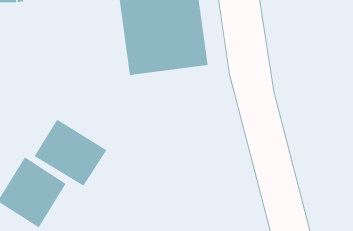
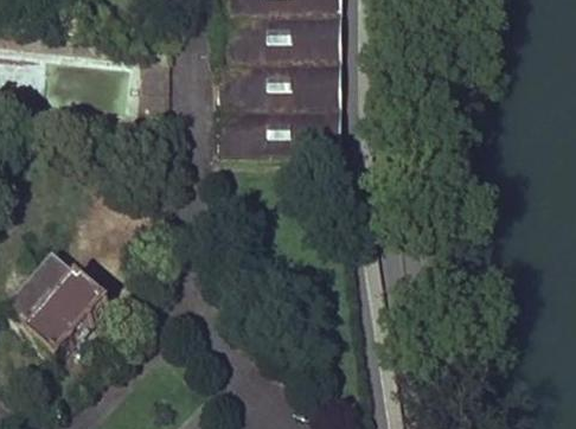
building: [34,119,107,187] -> none

